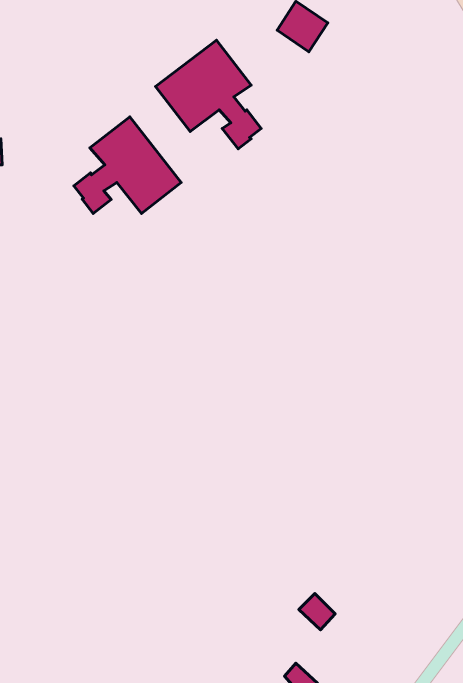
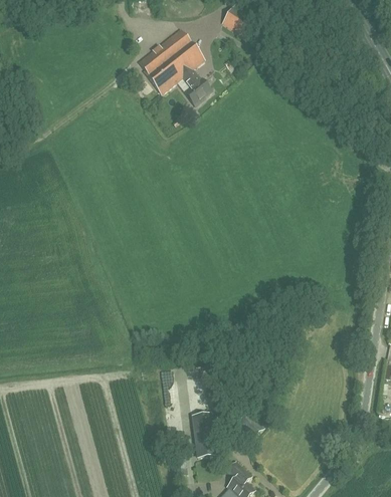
building: [74,117,181,213] -> none
building: none -> [193,414,220,457]

